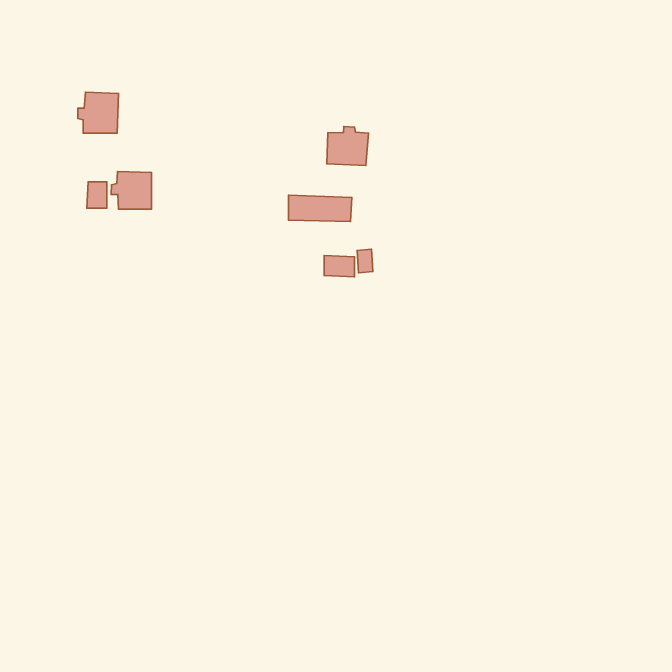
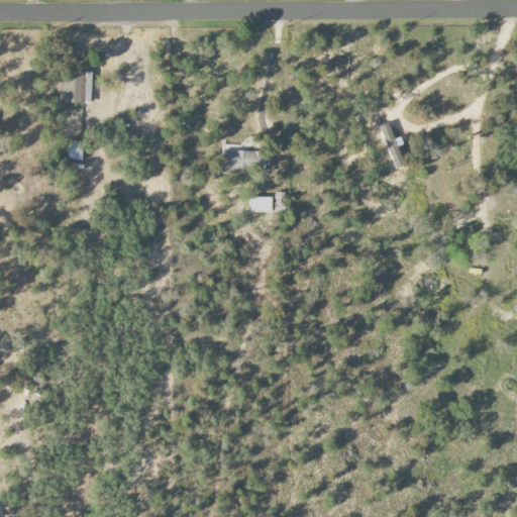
building: [327,126,368,166] -> none
building: [111,171,152,209] -> none

